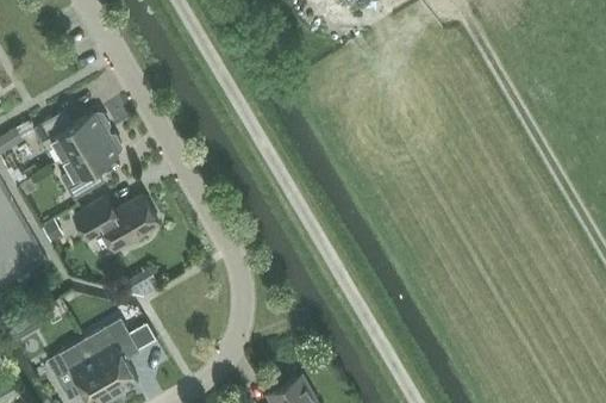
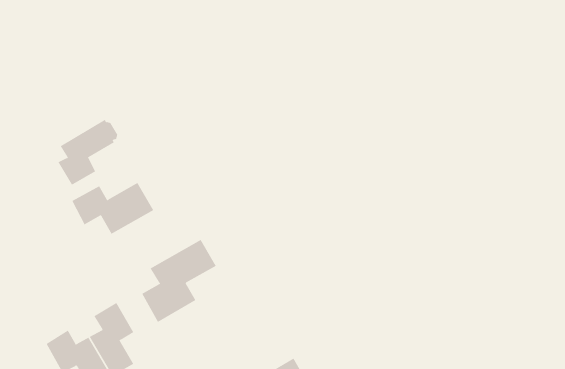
building: [33,111,111,159] -> none
building: none -> [141,239,217,323]

